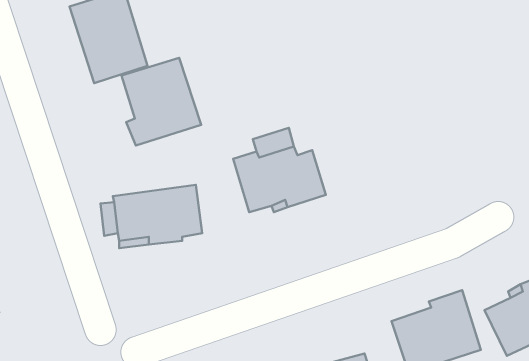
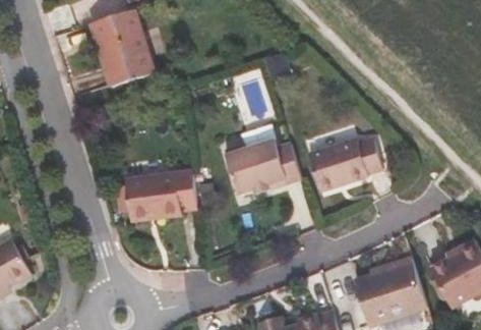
building: [121,58,201,146] -> none
building: none -> [308,135,382,188]

